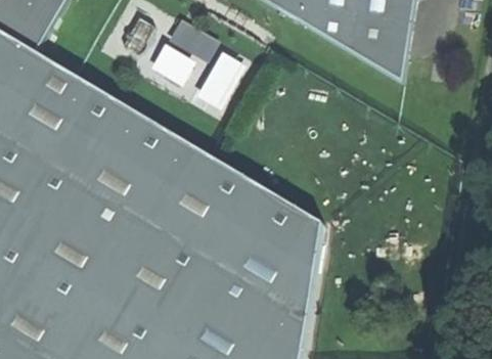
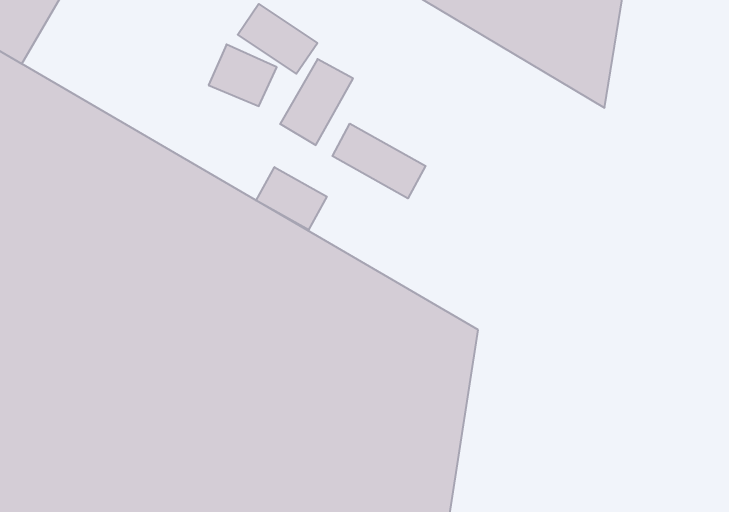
building: none -> [332,124,426,198]
building: none -> [256,167,327,230]

